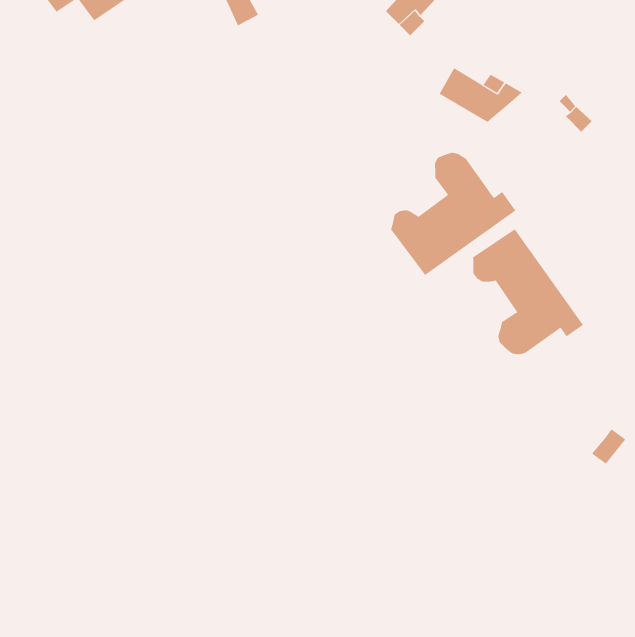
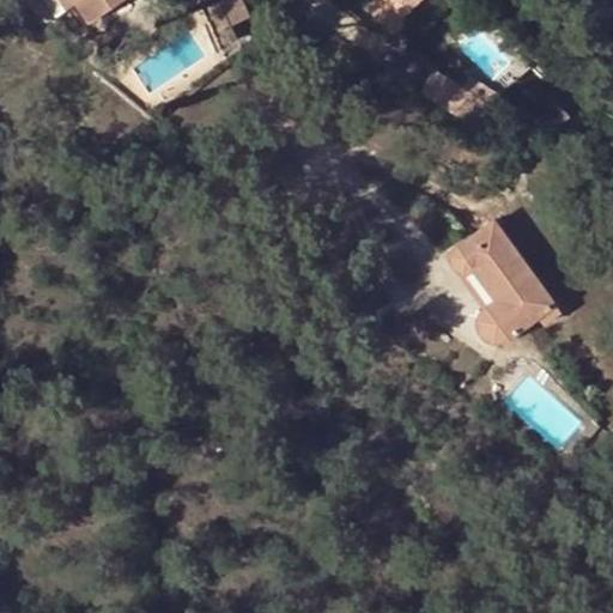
building: [391,152,516,276] -> none

